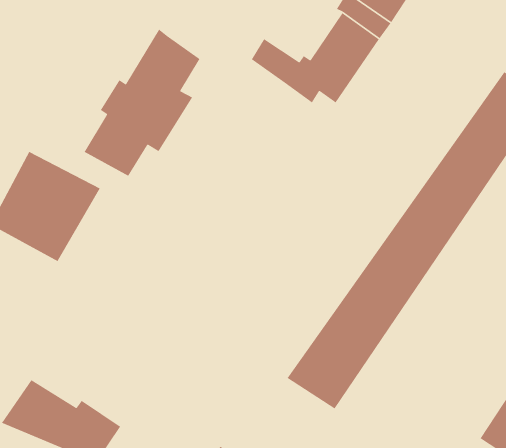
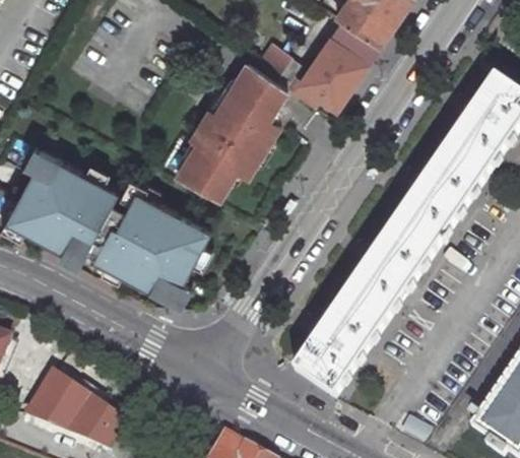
building: [84,29,201,177] -> [177,60,287,200]
building: none -> [73,188,213,304]

